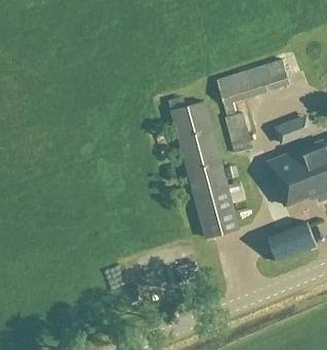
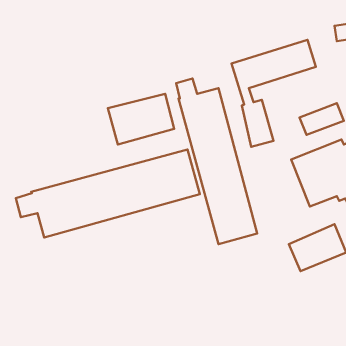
building: none -> [108,94,174,144]
building: none -> [16,149,200,238]

